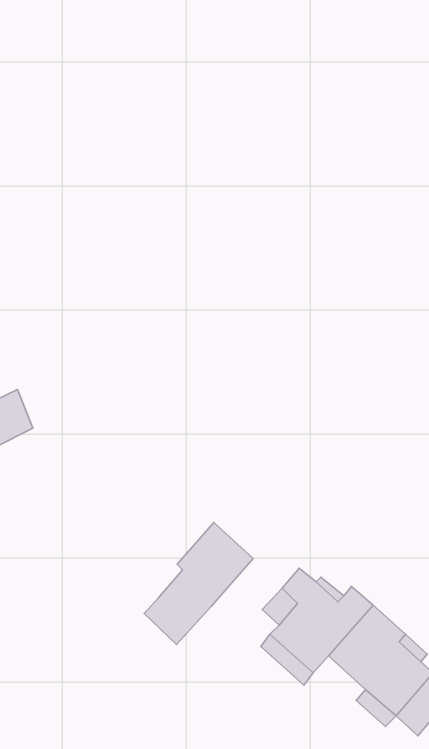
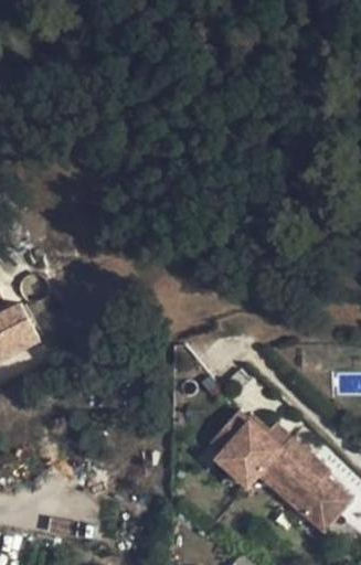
building: [144,523,253,644] -> none

